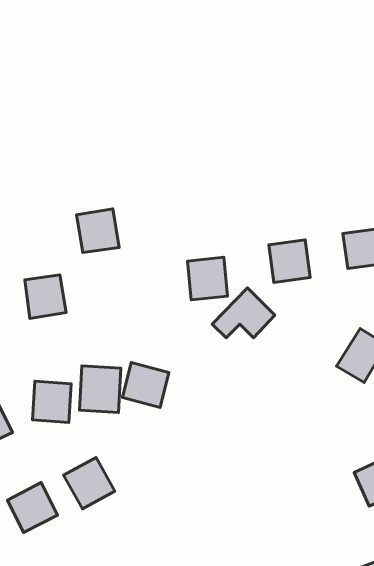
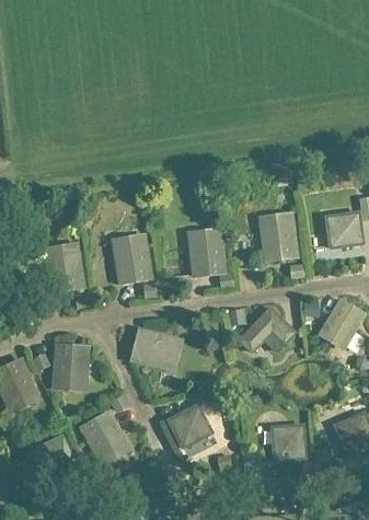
building: [76,209,119,253] -> [113,243,150,281]
building: [212,288,275,338] -> [239,309,293,353]
building: [80,366,121,413] -> none
building: none -> [166,405,211,448]
building: none -> [270,425,304,460]

